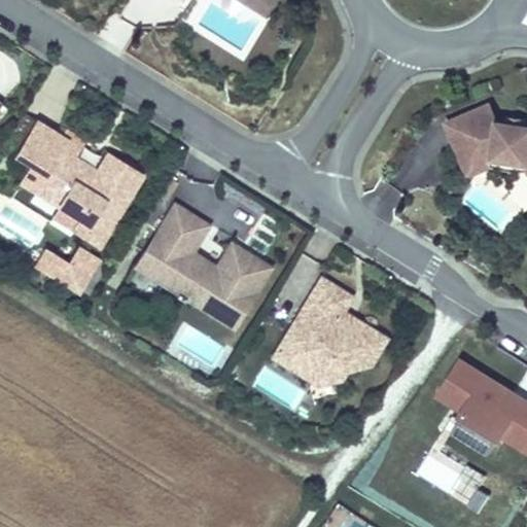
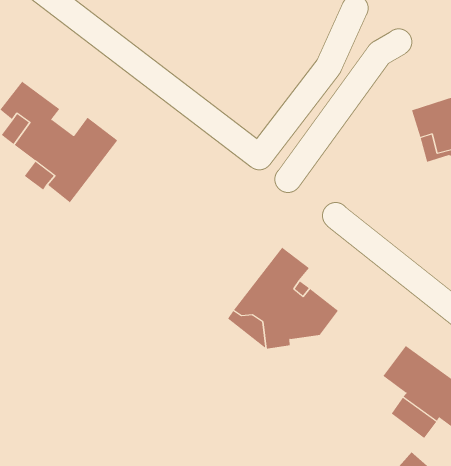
building: [141,207,273,322] -> none
building: [37,246,103,291] -> none

